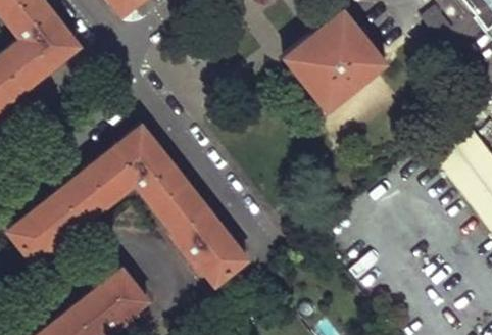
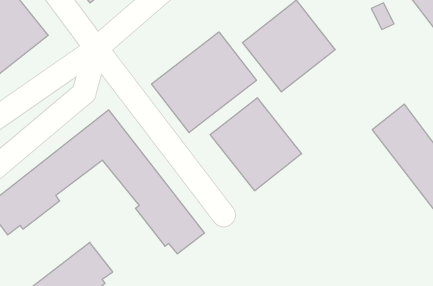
building: none -> [152,32,256,133]
building: none -> [210,98,302,191]

